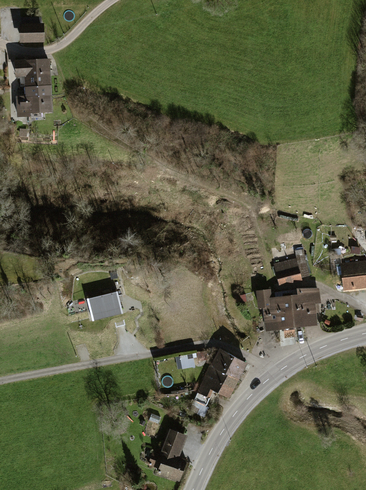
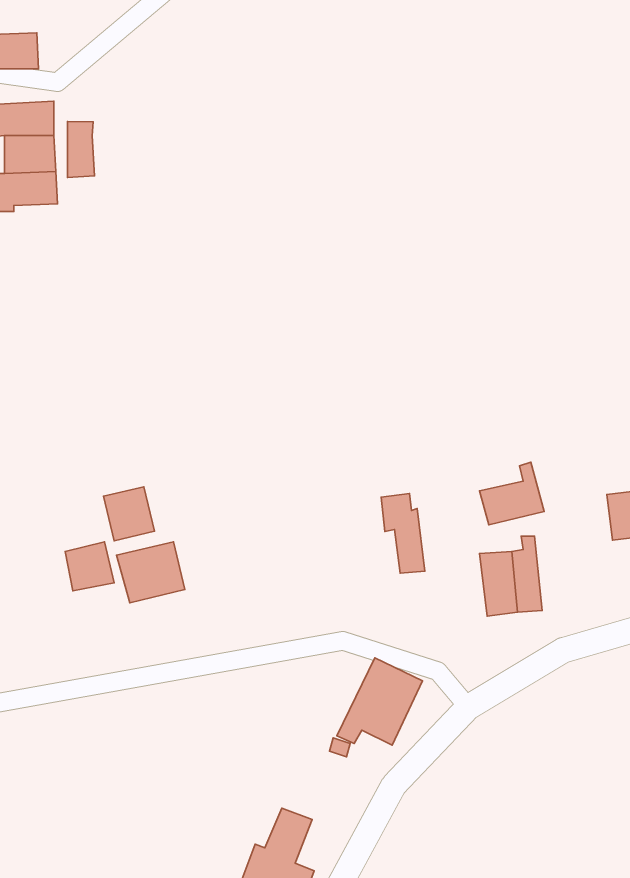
building: none -> [68,122,94,177]
building: none -> [104,487,155,541]
building: [303,287,321,326] -> none
building: [255,288,278,330] -> [381,493,425,573]
building: none -> [65,542,114,591]

